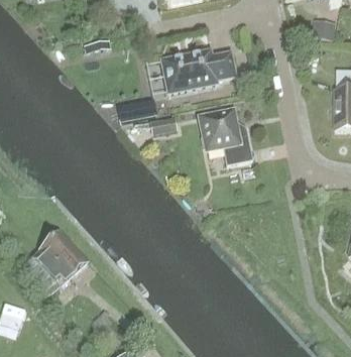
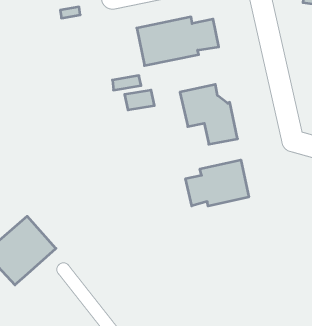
building: none -> [186,160,249,206]

